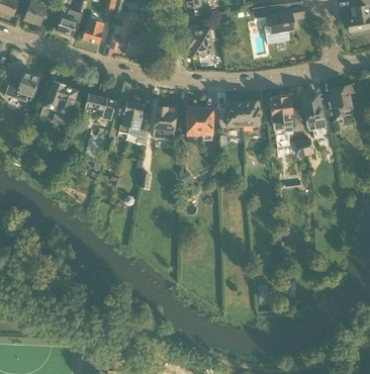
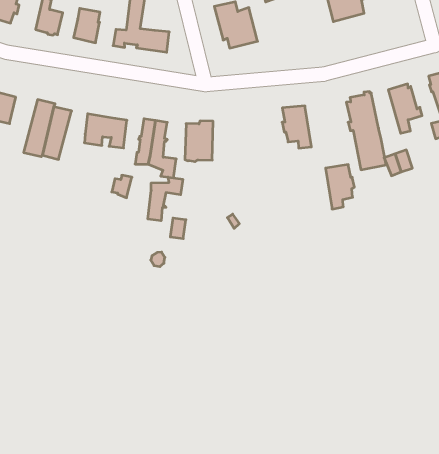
building: [242,101,261,131] -> [326,165,354,209]
building: [187,108,212,136] -> none
building: none -> [148,177,183,221]

